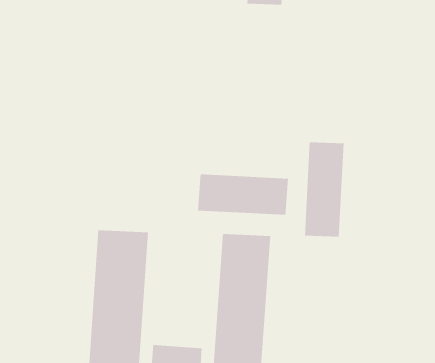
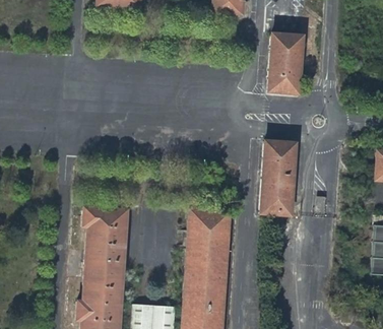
building: none -> [266,36,302,96]
building: [198,174,288,216] -> none

